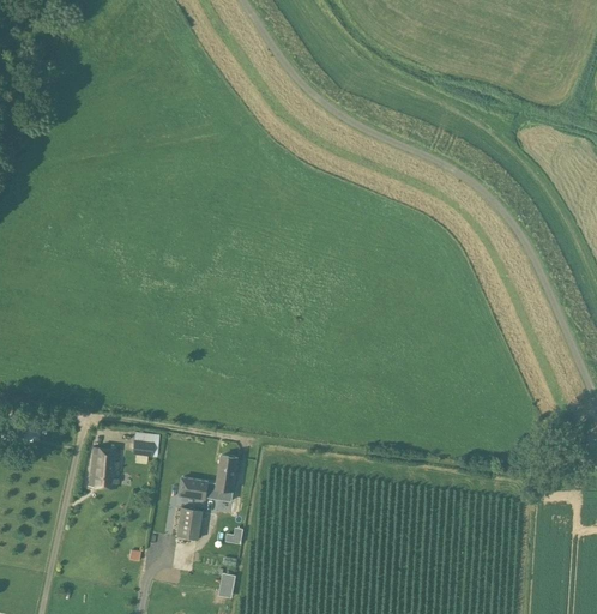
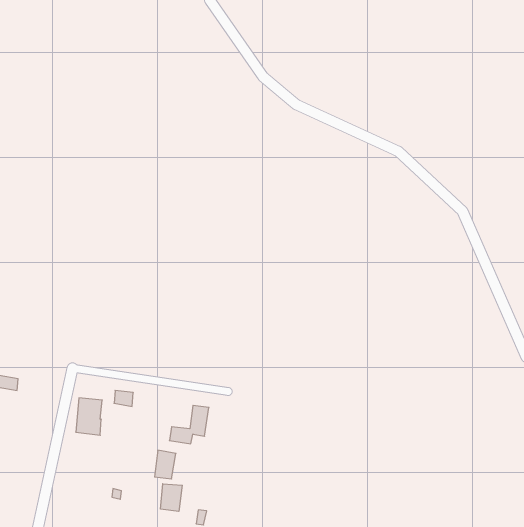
building: none -> [161,484,182,511]

